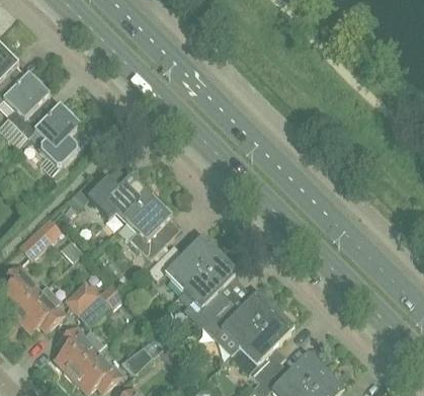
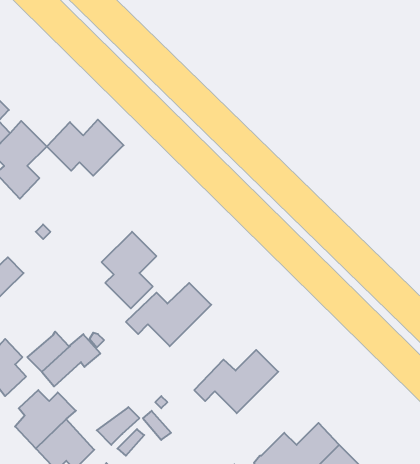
building: [88,175,152,222] -> [47,120,124,176]
building: [183,257,236,328] -> none
building: [239,313,291,383] -> none

